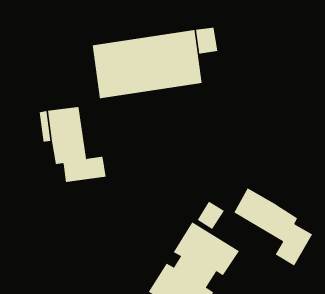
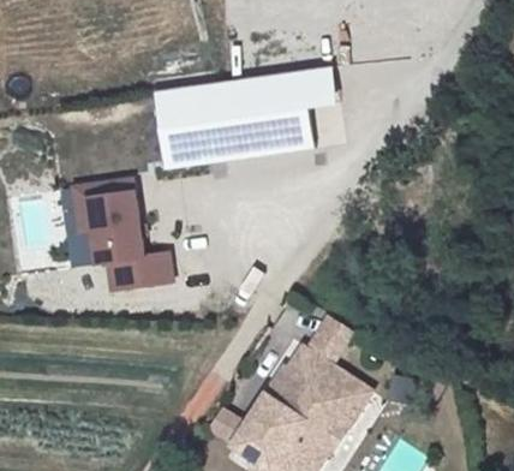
building: [233,187,313,266] -> none

